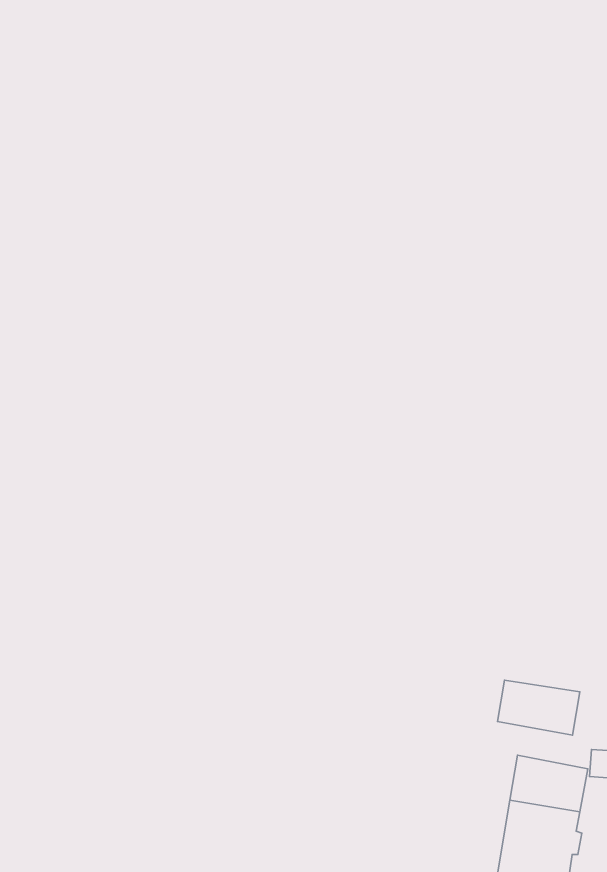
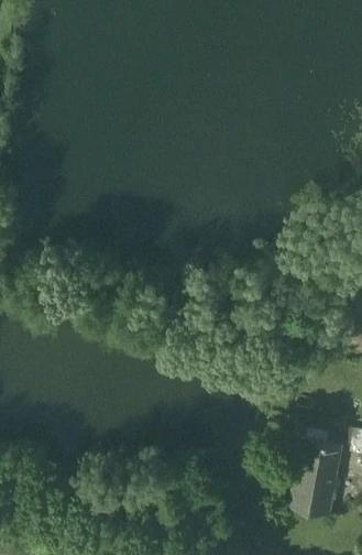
building: [498,680,580,735] -> none

